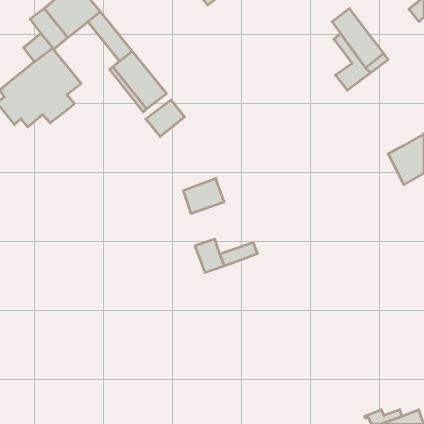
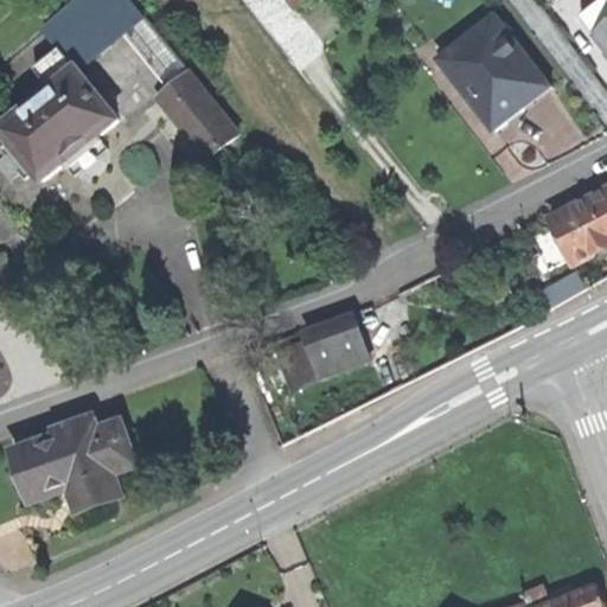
building: none -> [437,31,499,107]
building: [146,100,185,137] -> none
building: [183,178,224,213] -> [301,311,359,360]
building: none -> [13,416,133,507]

